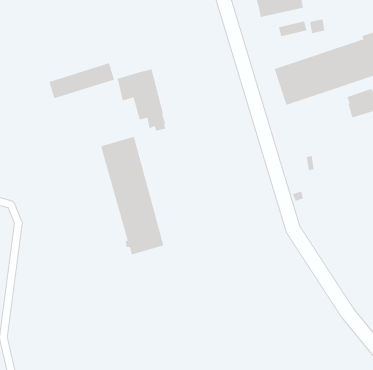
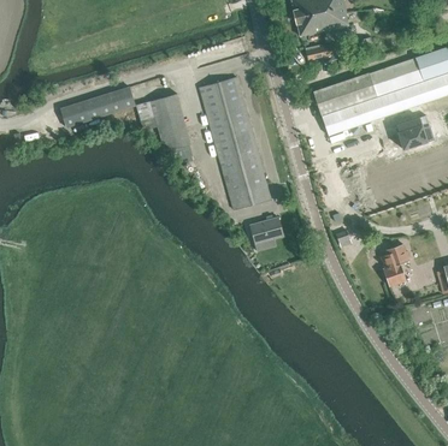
building: [100,136,164,255] -> [198,76,270,209]
building: none -> [248,213,283,243]
building: none -> [381,242,411,285]

